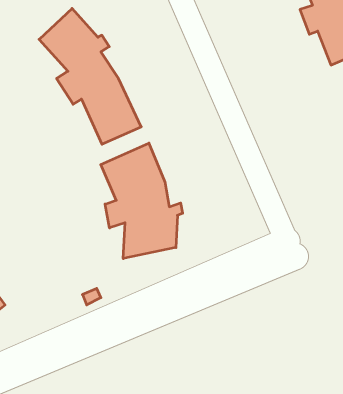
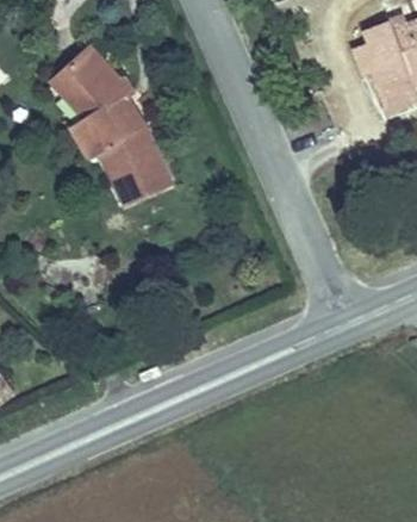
building: [101,143,183,259] -> none

